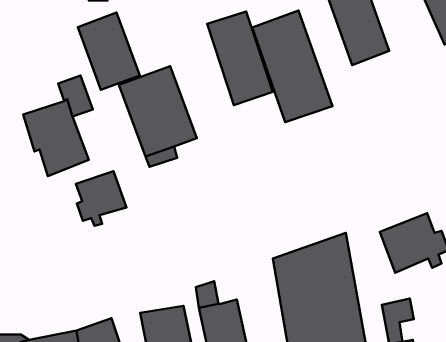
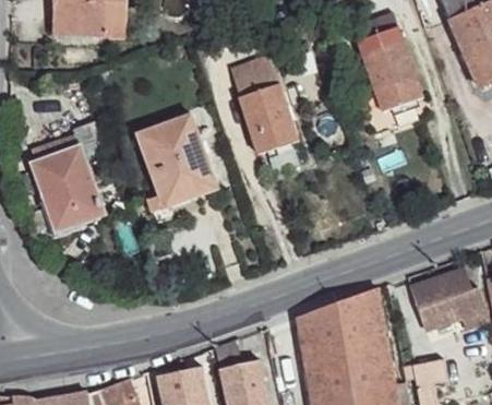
building: [252,10,332,122] -> none
building: [78,12,140,90] -> none
building: [76,171,127,226] -> none

